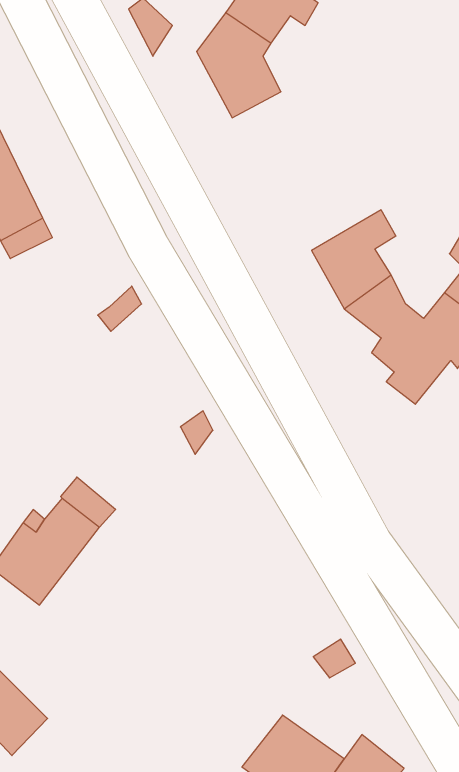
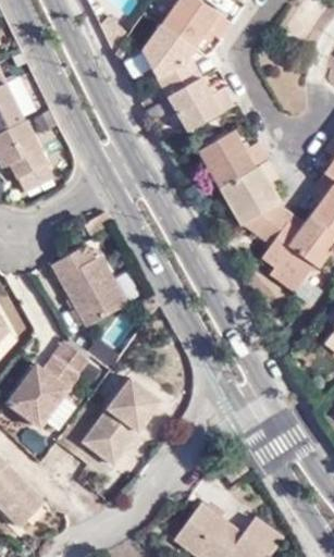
building: none -> [169,82,232,135]
building: none -> [201,133,269,188]
building: none -> [50,247,128,324]
building: none -> [83,377,162,465]

